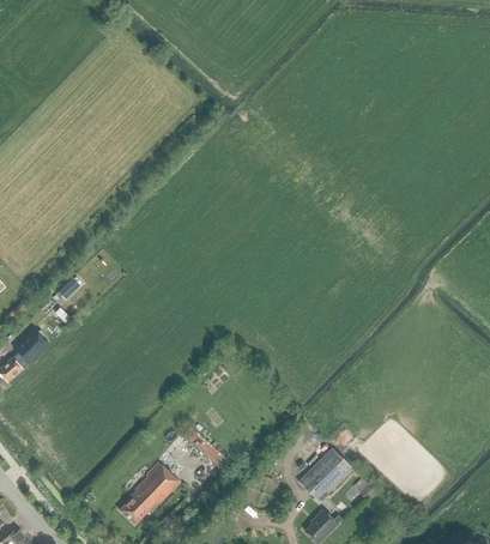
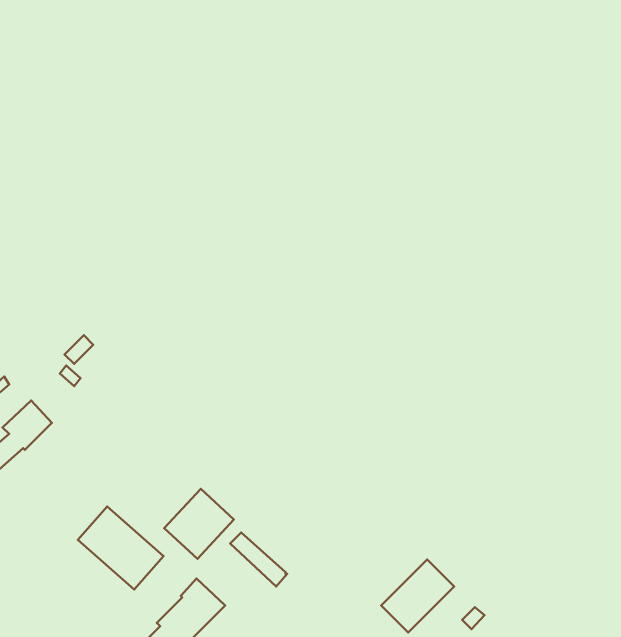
building: none -> [164,489,234,559]
building: none -> [78,507,164,589]

